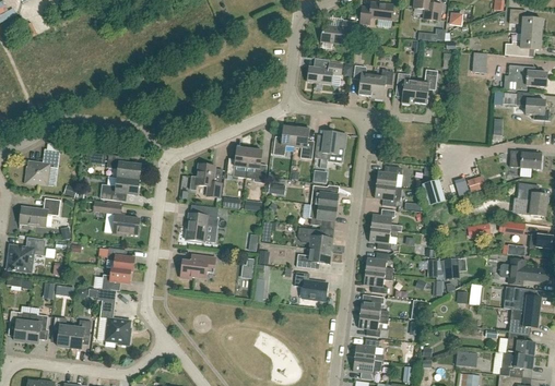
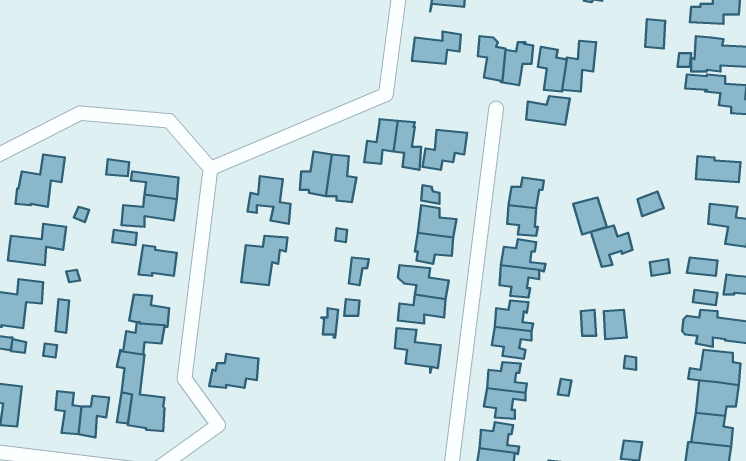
building: none -> [526,96,570,125]
building: none -> [591,225,633,267]
building: [179,254,214,278] -> [209,354,258,388]
building: [25,313,47,343] -> none

